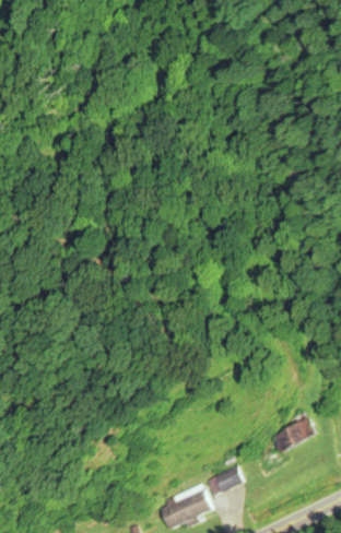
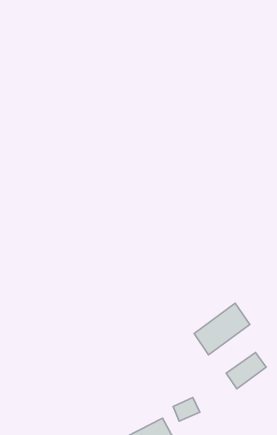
building: none -> [194,303,250,355]

